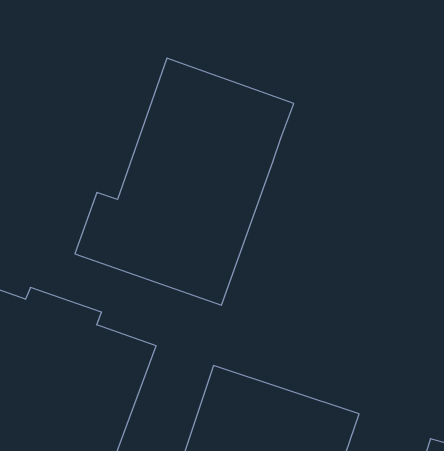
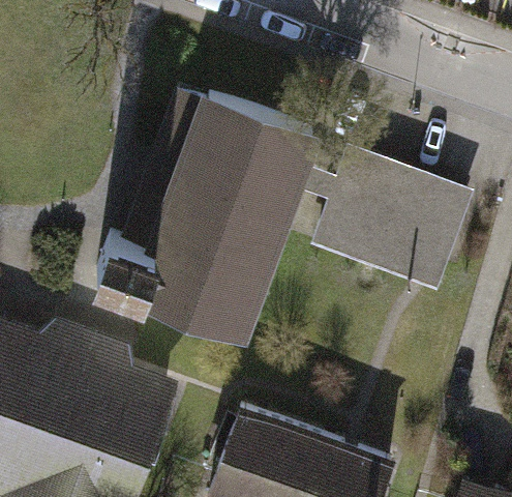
building: none -> [302,146,473,288]

